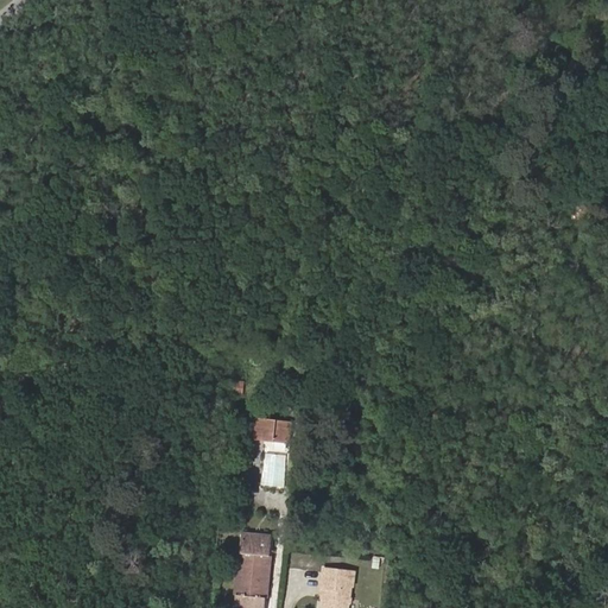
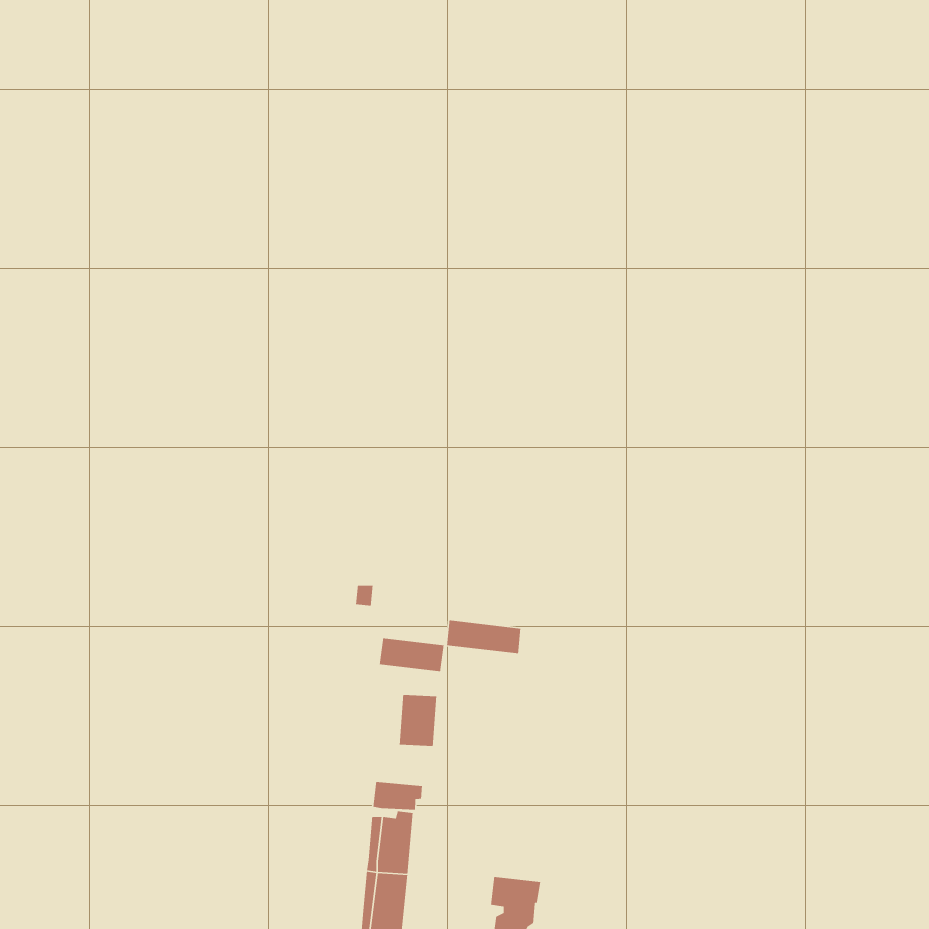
building: none -> [446,619,521,654]
building: none -> [373,781,423,811]

